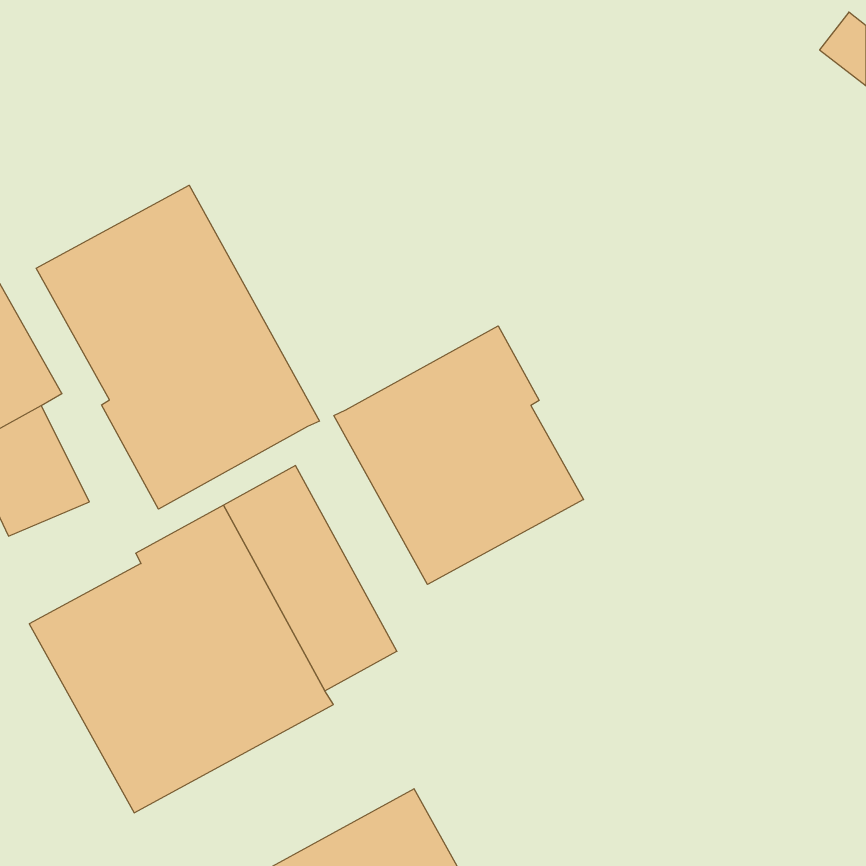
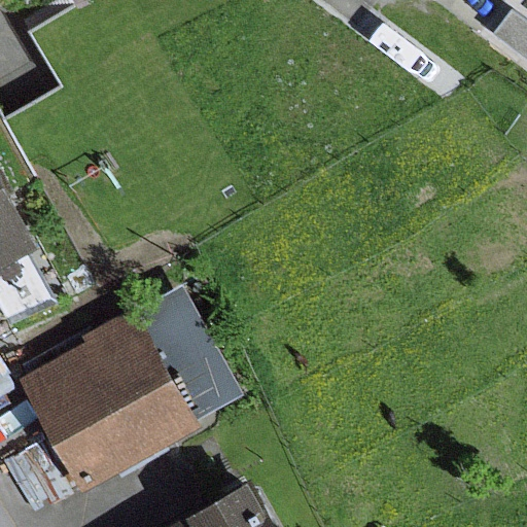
building: [36,185,319,509] -> none
building: [334,326,584,584] -> none

